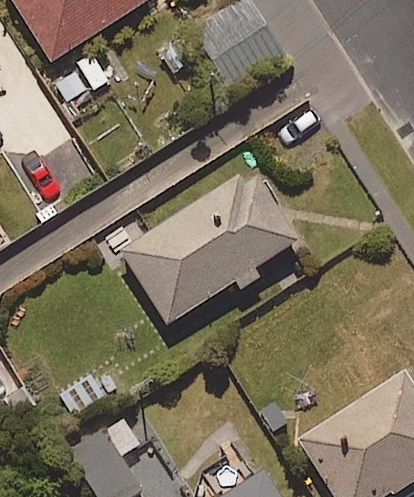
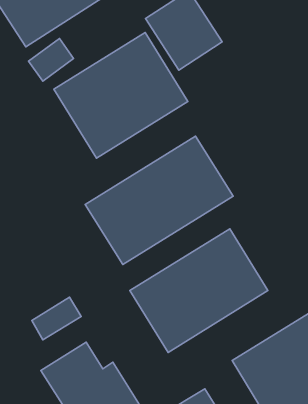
building: none -> [54,33,188,158]
building: none -> [130,229,268,352]

